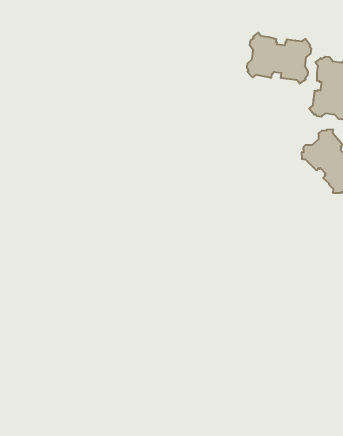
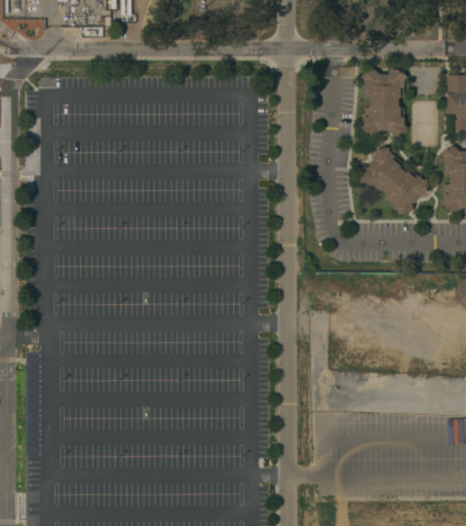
building: [247,33,311,84] -> none

